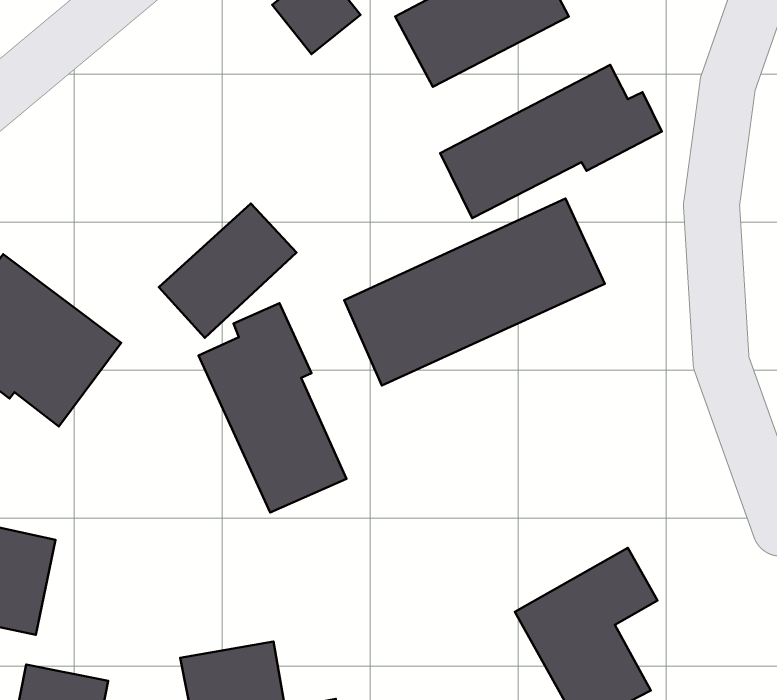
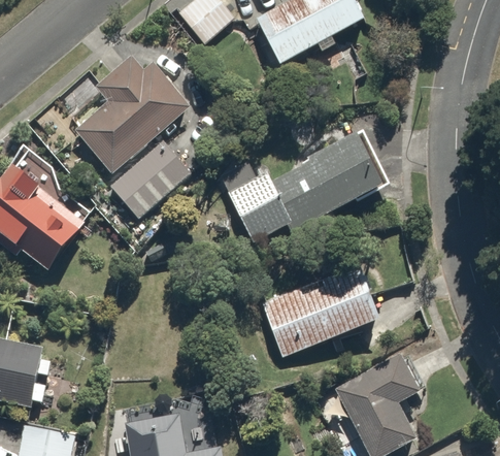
building: [440,65,662,218] -> none
building: none -> [74,54,191,172]
building: [199,303,346,512] -> none
building: none -> [256,266,378,359]

